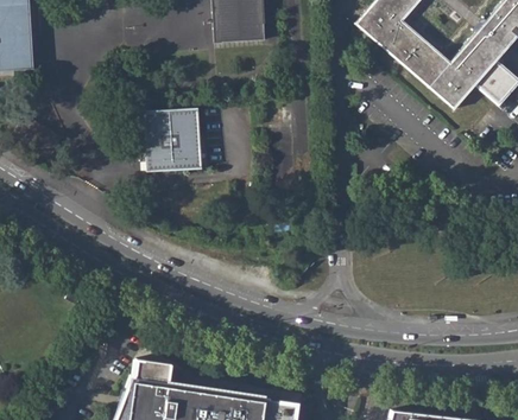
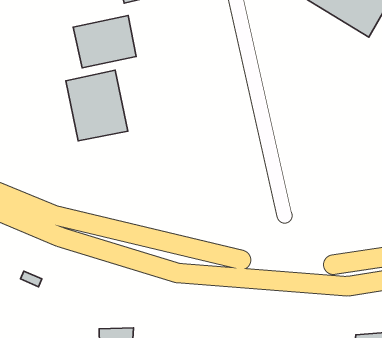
building: none -> [73,16,136,68]

